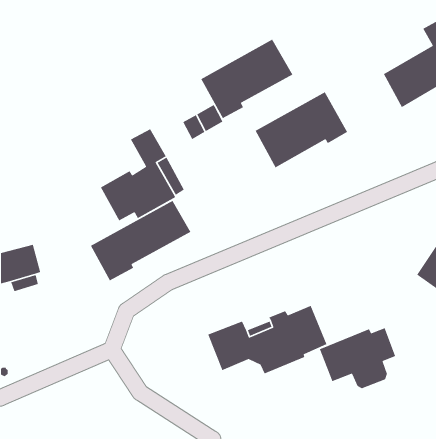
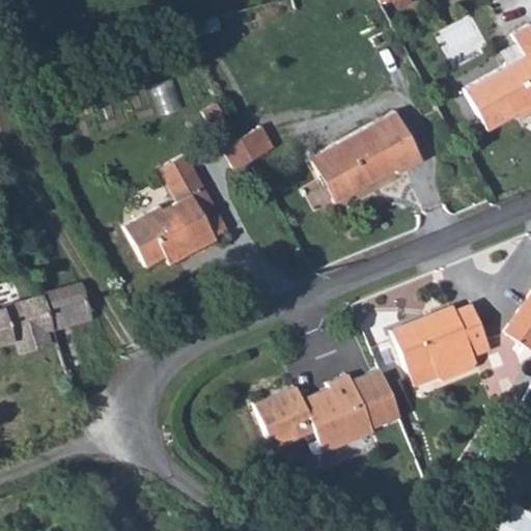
building: [200,38,293,119] -> none
building: [90,200,191,281] -> none
building: none -> [45,283,92,329]
building: [319,327,396,389] -> [393,305,486,380]

